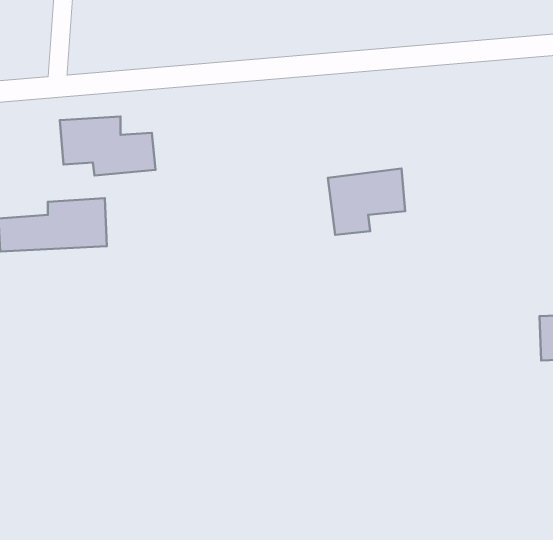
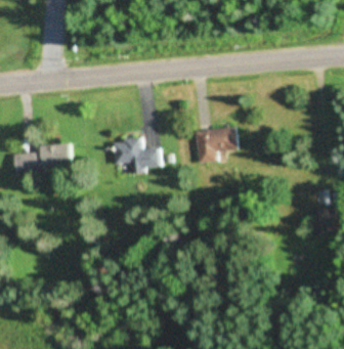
building: [60,116,155,175] -> [111,136,164,169]

